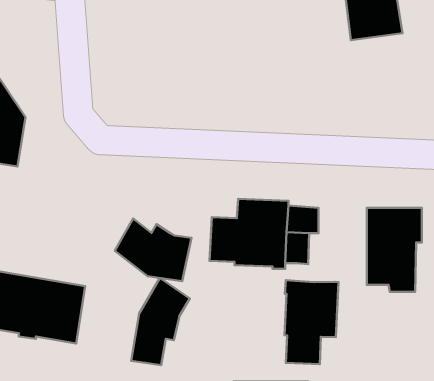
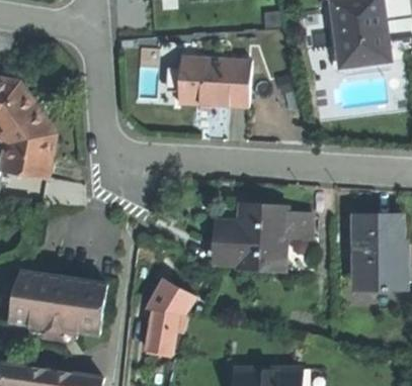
building: none -> [178,57,249,111]
building: [115,219,191,281] -> none
building: [284,280,338,364] -> none

